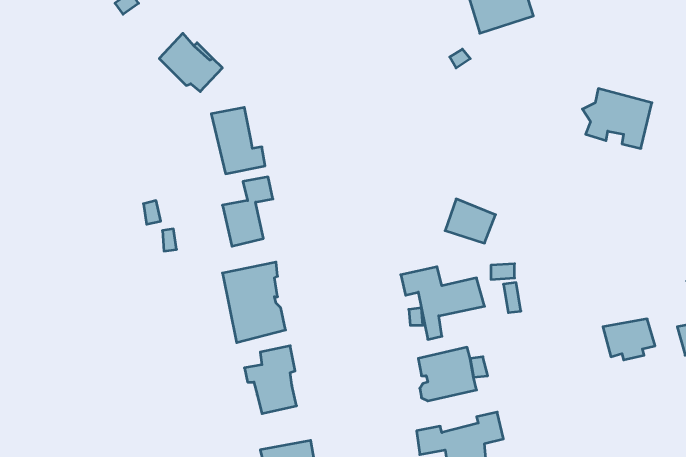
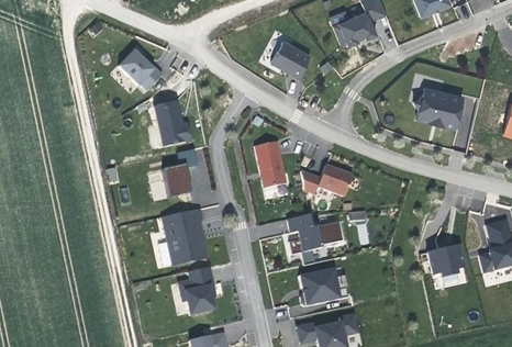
building: none -> [270,42,310,79]
building: none -> [255,142,287,188]

